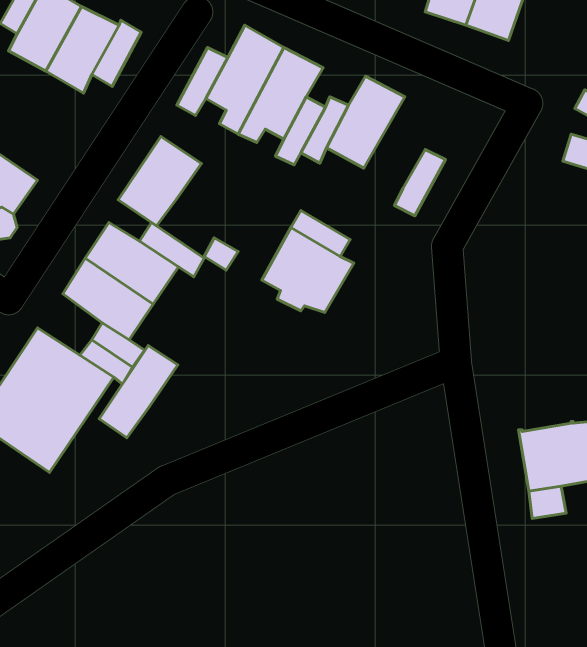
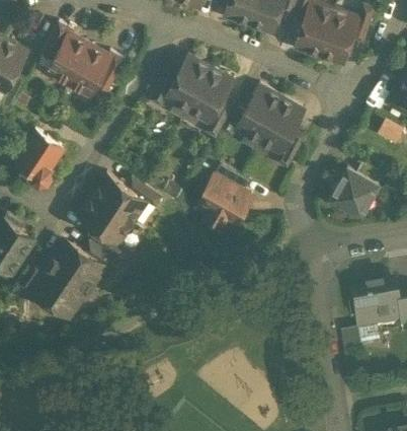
building: none -> [258,96,305,151]
building: [118,136,202,226] -> none
building: none -> [329,166,380,215]
building: [99,345,178,438] -> none

